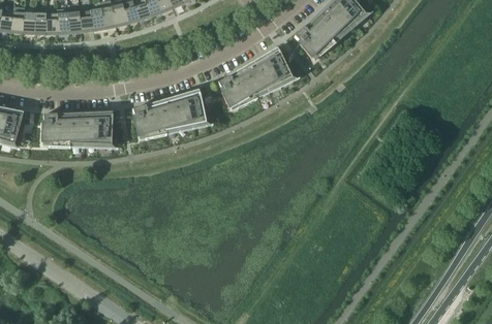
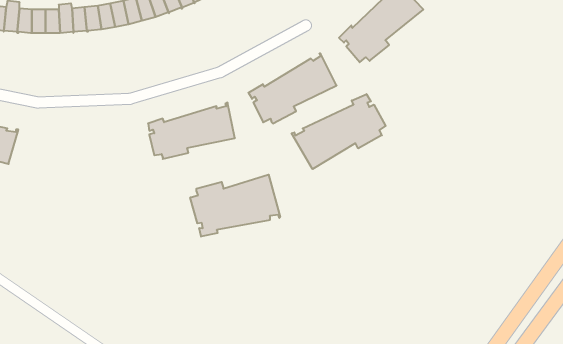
building: none -> [292,94,386,169]
building: [42,114,113,147] -> none
building: none -> [190,175,280,237]

